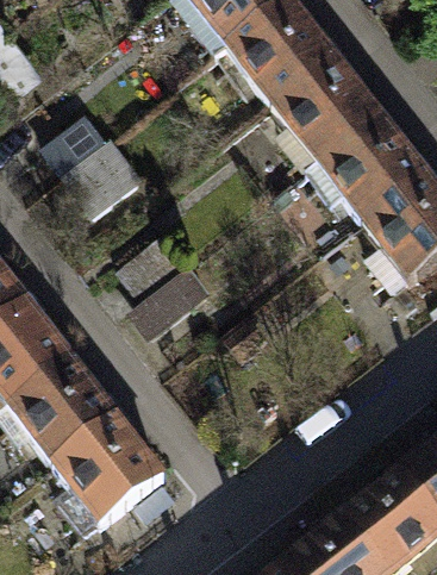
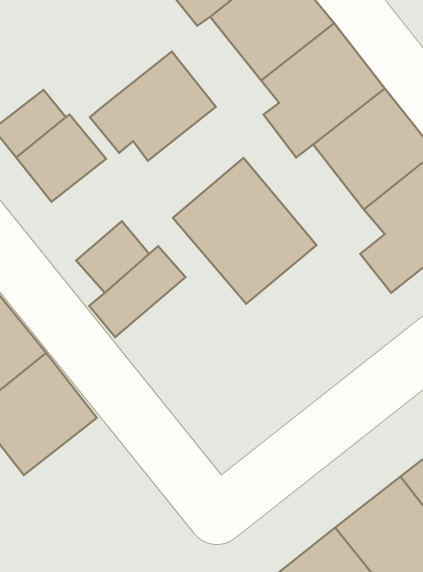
building: none -> [90,52,216,161]
building: none -> [173,158,316,304]
building: [61,421,177,548] -> none

